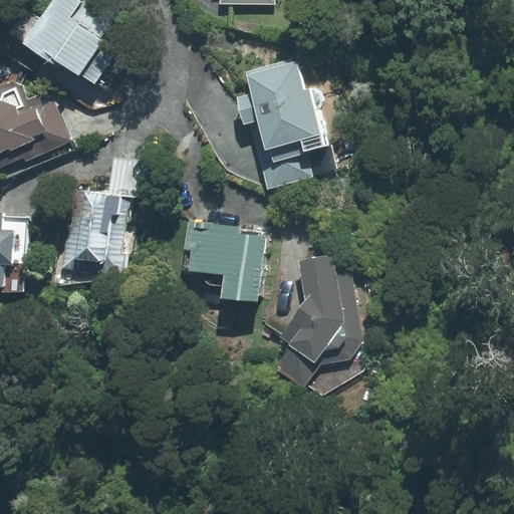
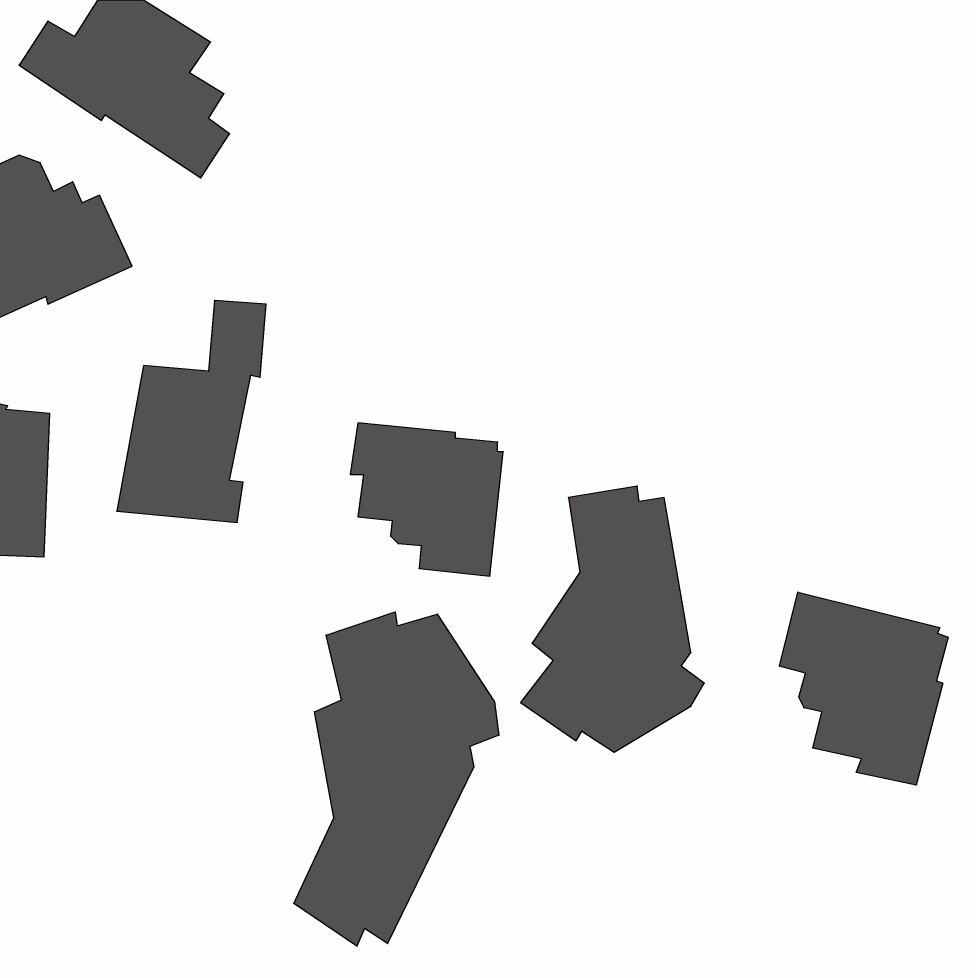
building: [236,58,336,188] -> none
building: none -> [779,592,948,785]
building: none -> [294,612,499,946]

